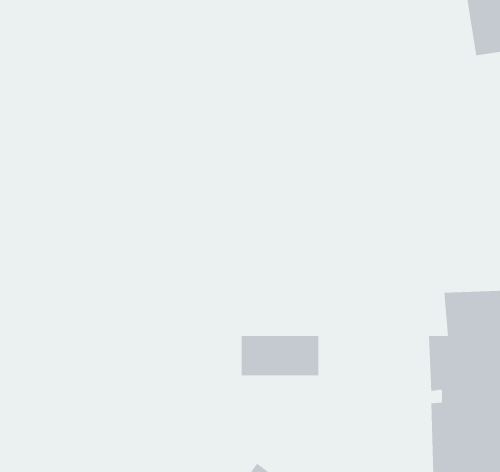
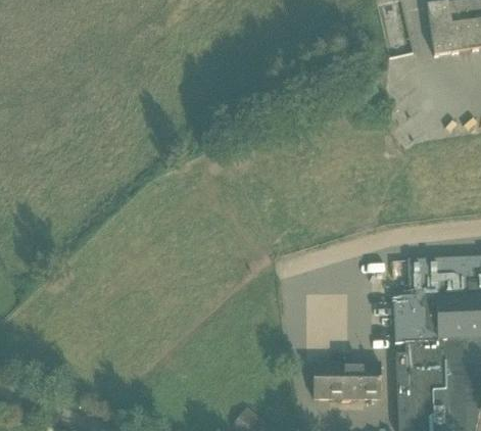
building: [241,335,319,376] -> [314,364,381,398]

